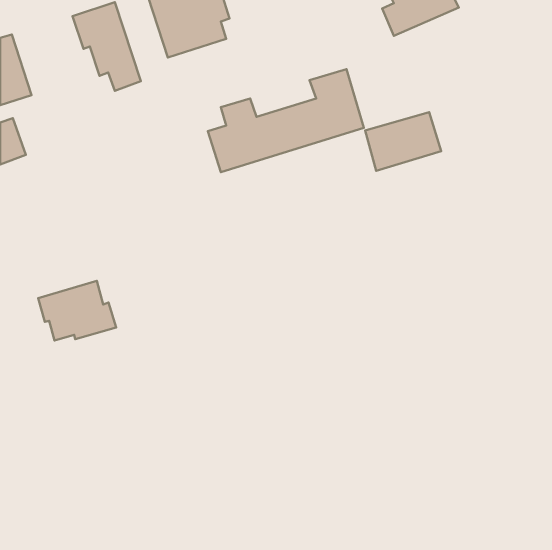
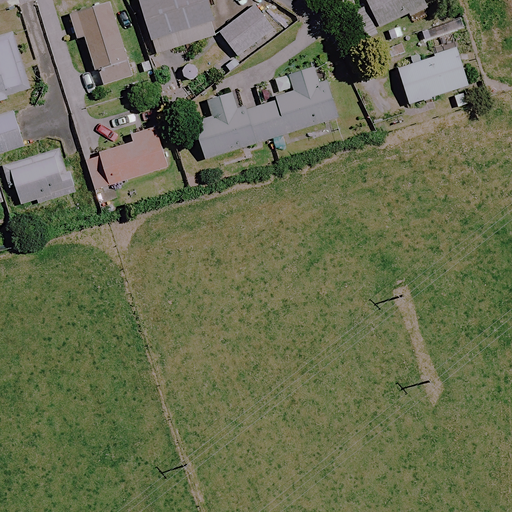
building: none -> [221,7,272,55]
building: [365,112,441,171] -> [399,49,469,103]
building: none -> [84,133,166,190]
building: [38,281,116,340] -> [5,148,77,203]

